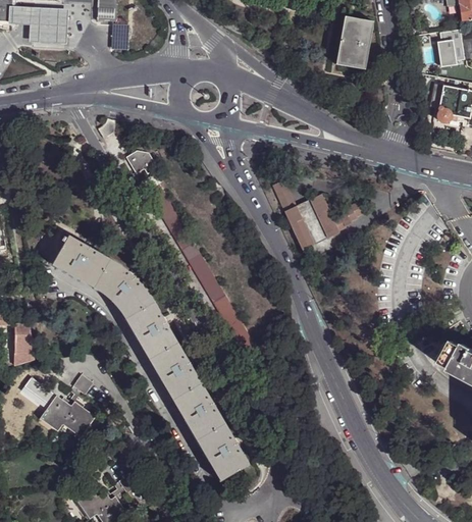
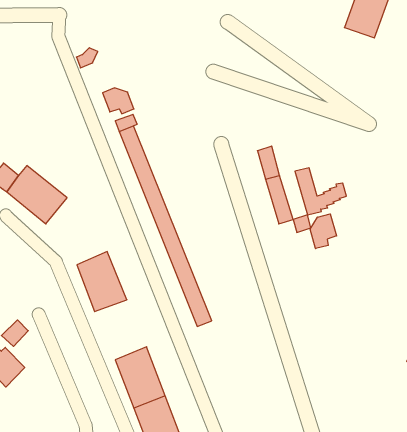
building: none -> [310,214,337,249]
building: [93,258,152,317] -> none
building: [149,342,201,398] -> none

